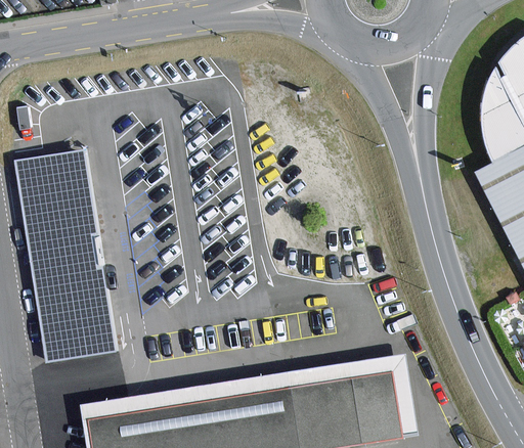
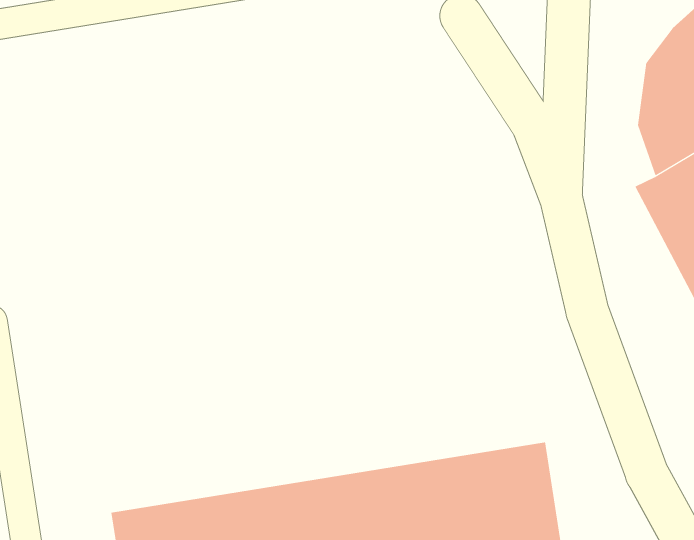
building: [19,151,115,357] -> none

